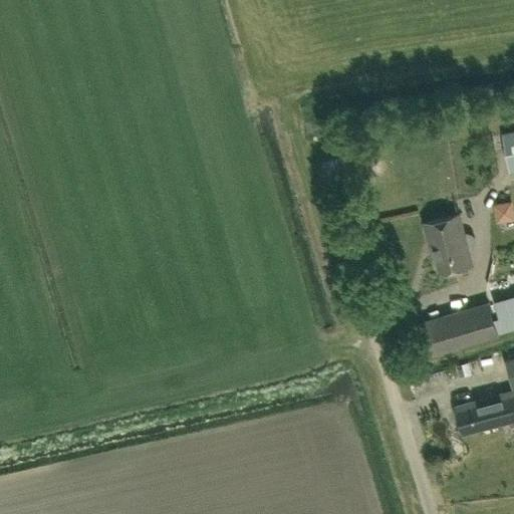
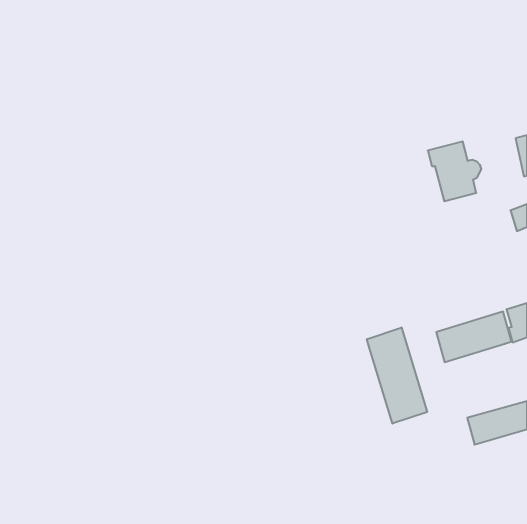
building: [425,217,477,275] -> [428,141,481,201]
building: none -> [367,327,427,424]

